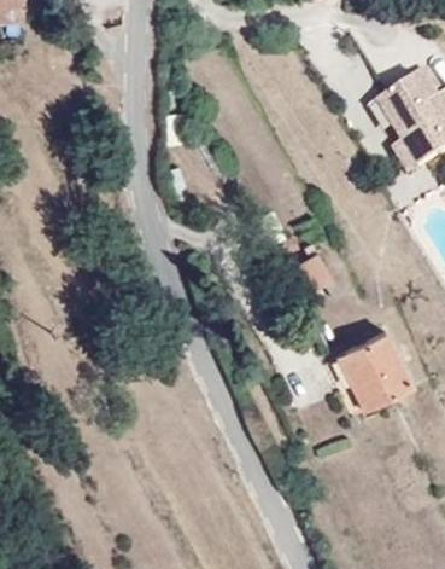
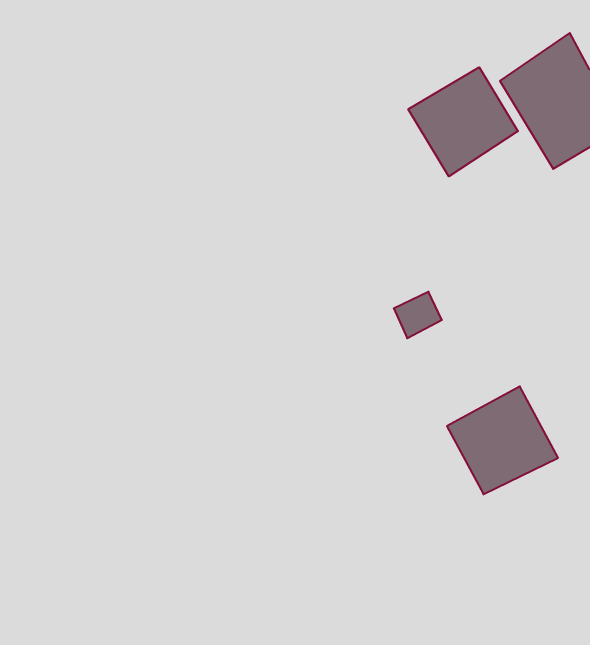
building: none -> [408,67,518,176]

